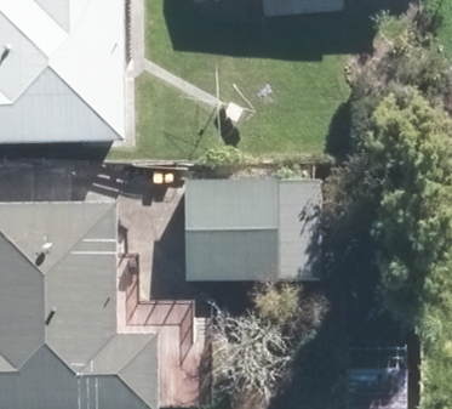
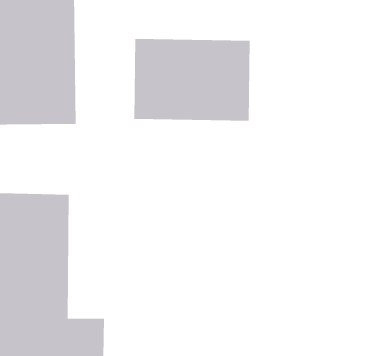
building: [185,187,310,275] -> [133,38,251,121]

